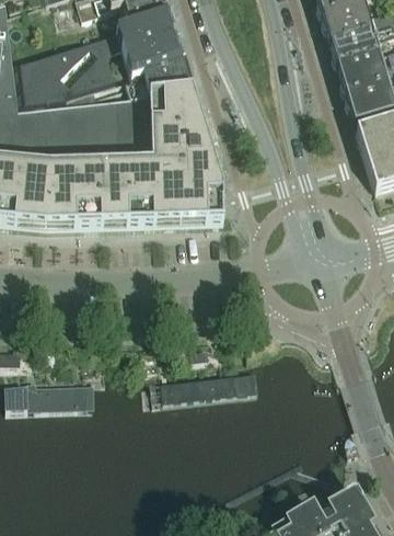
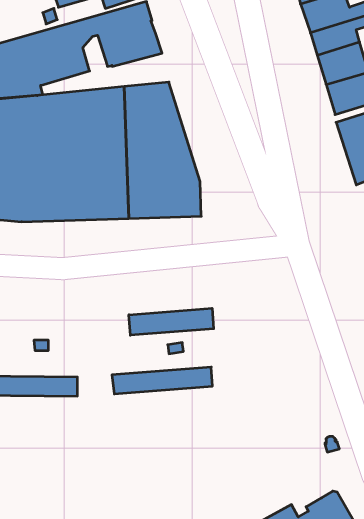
building: [126,69,195,102] -> none
building: none -> [129,308,214,335]

